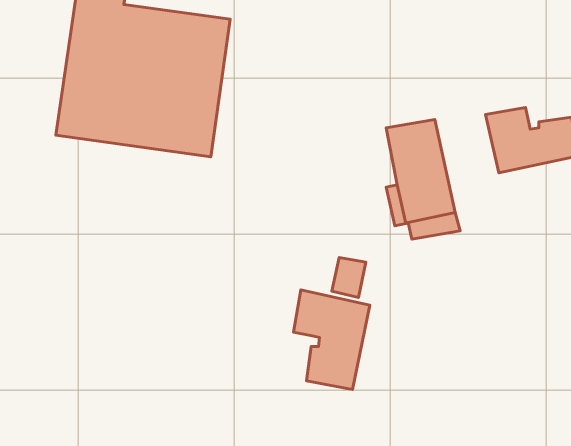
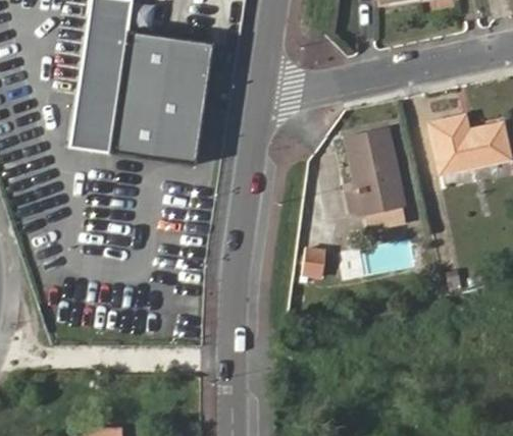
building: [294,290,370,389] -> none

